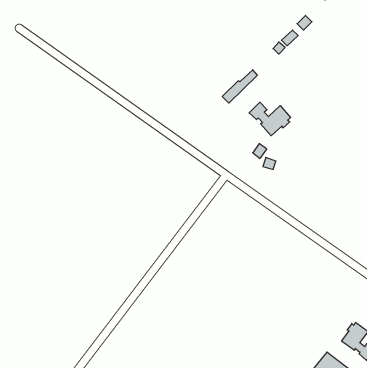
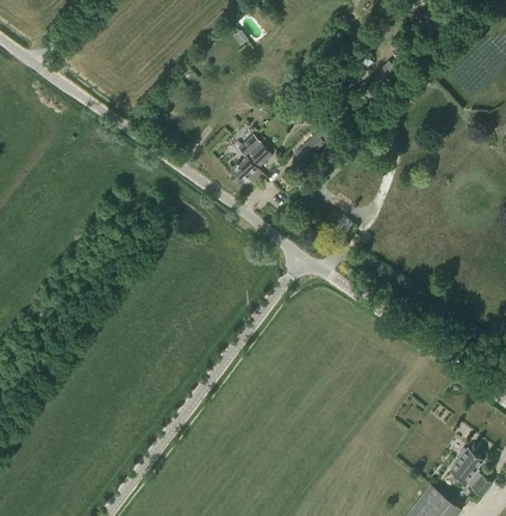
building: none -> [231,136,270,182]
building: [249,102,291,136] -> none

